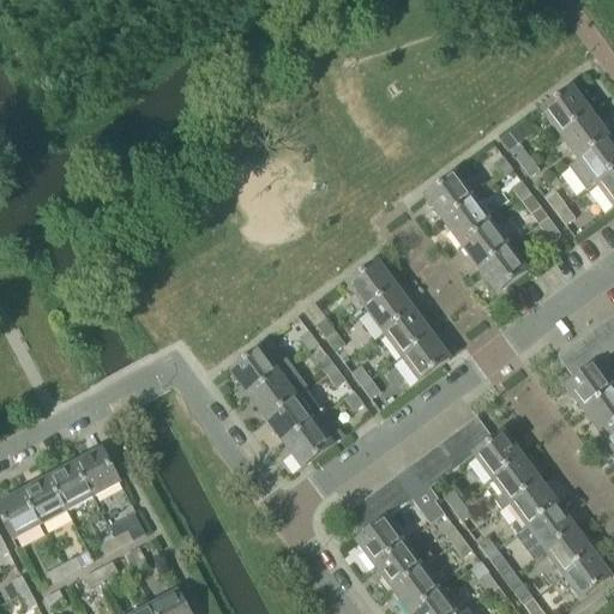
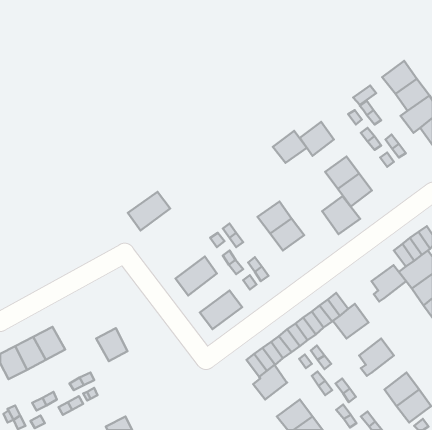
building: [444,198,492,243] -> [273,131,307,163]
building: [348,260,397,307] -> none
building: none -> [322,196,360,234]
building: [402,333,450,380] -> none
building: [231,339,291,395] -> [128,192,170,231]
building: [267,387,326,443] -> none
building: [76,449,120,495] -> [96,328,128,361]
building: [492,457,541,508] -> [371,265,406,302]
building: [517,504,577,559] -> none
building: [377,534,435,590] -> none

